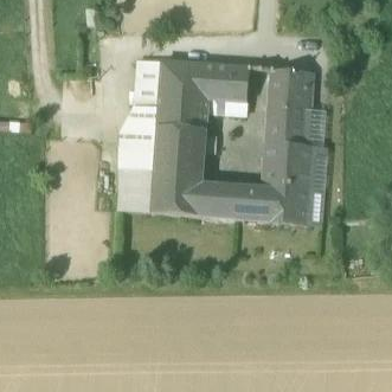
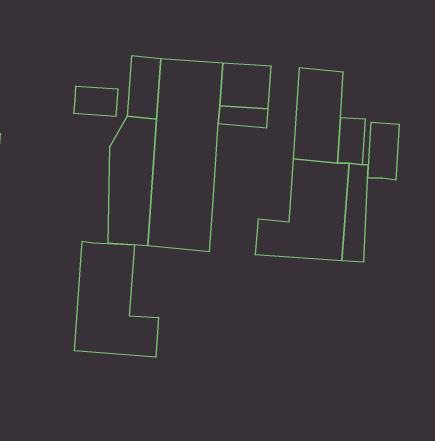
building: none -> [74,86,118,116]
building: none -> [368,122,399,180]
building: [199,181,238,217] -> none
building: none -> [74,241,158,357]

